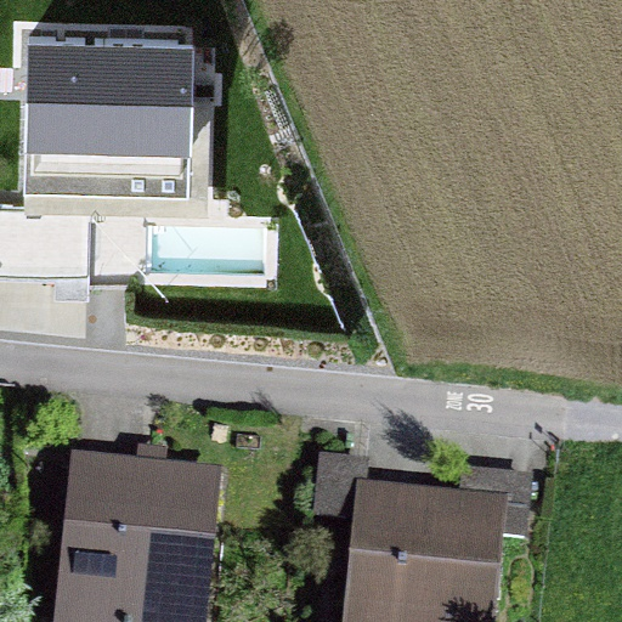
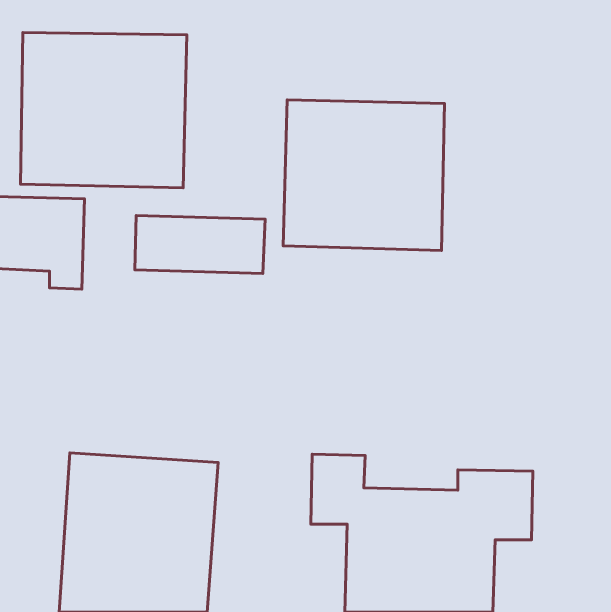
building: none -> [283,100,445,250]

